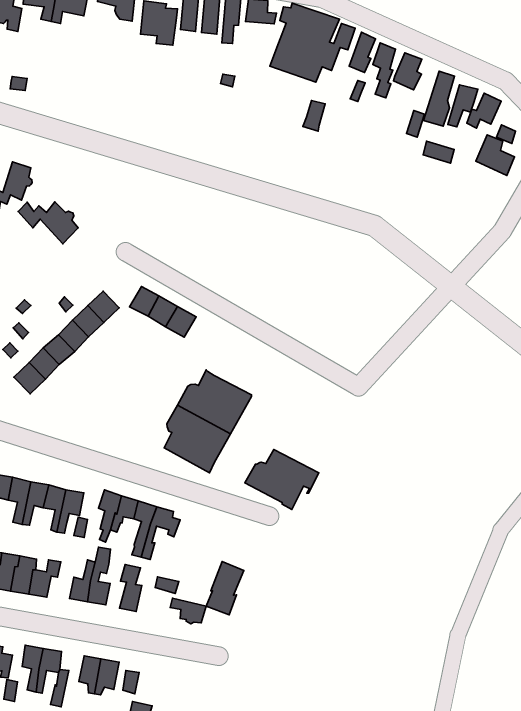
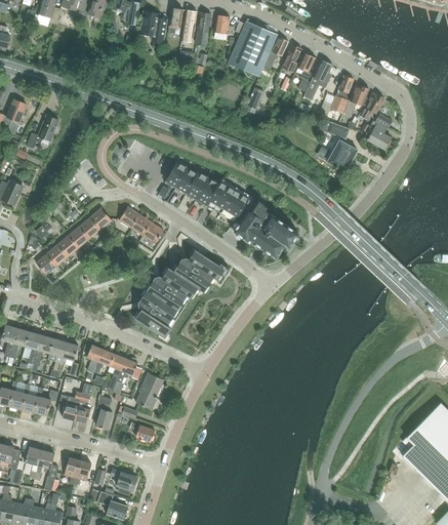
building: none -> [326,139,356,170]
building: [18,202,78,244] -> none
building: none -> [164,161,297,256]
building: [245,449,319,509] -> [172,249,223,291]
building: [206,562,244,615] -> [135,372,163,409]
building: none -> [110,468,136,493]

